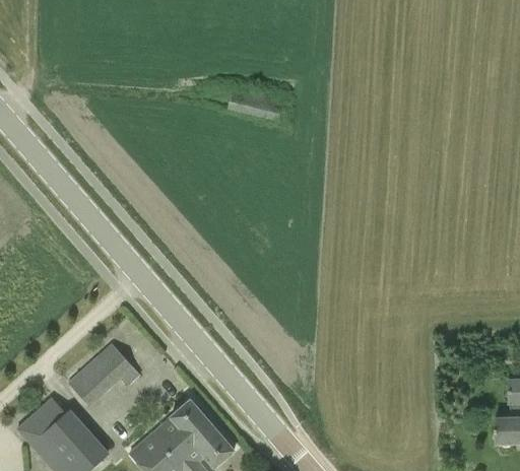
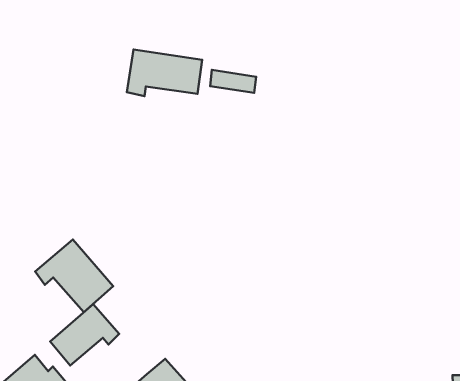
building: none -> [127,49,202,96]
building: none -> [35,239,113,312]

